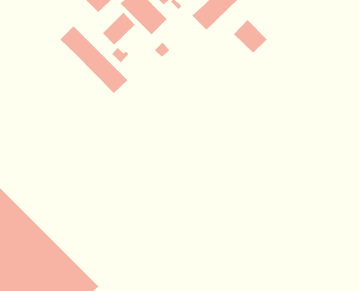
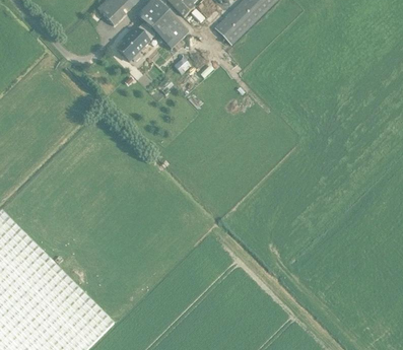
building: [233,19,268,54] -> none
building: [59,26,128,94] -> none

